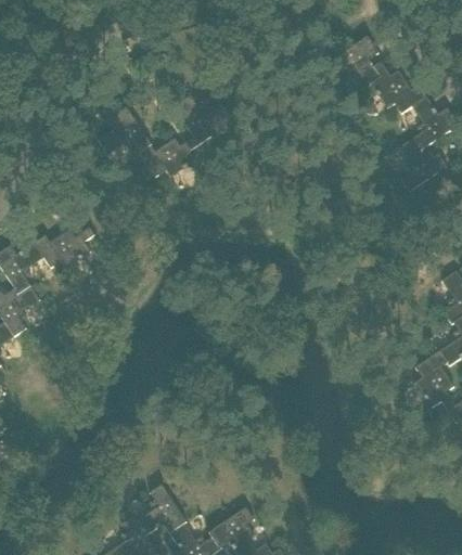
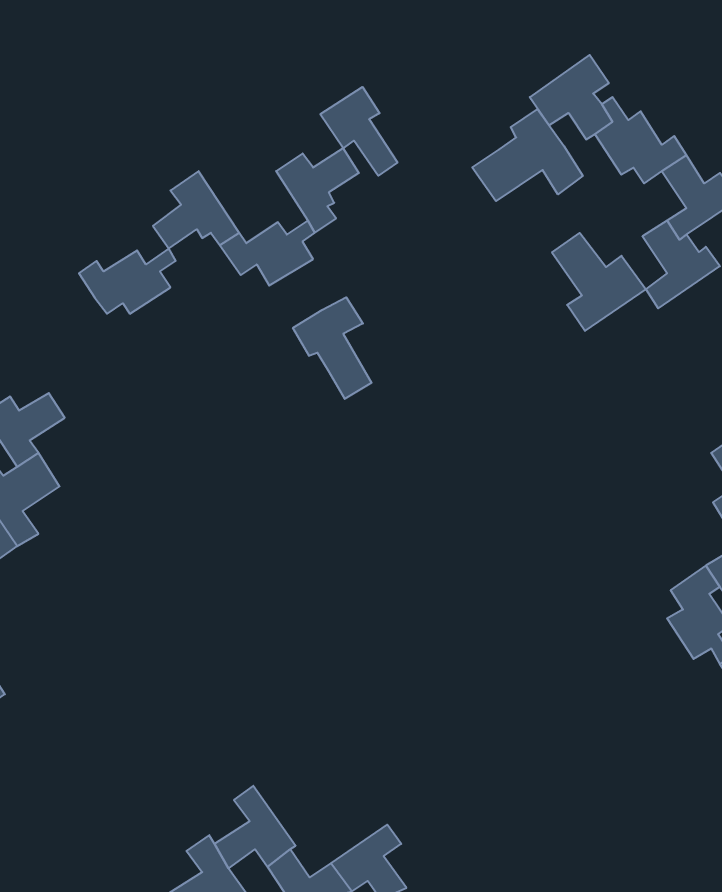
building: none -> [320,87,397,176]
building: none -> [472,109,583,201]
building: none -> [552,233,646,331]
building: none -> [293,297,372,399]
building: [34,228,93,268] -> [79,249,176,314]

